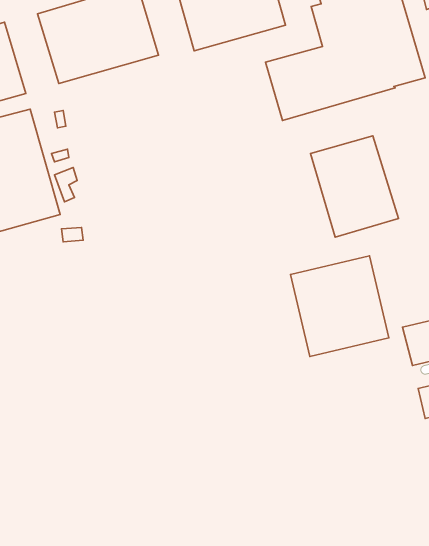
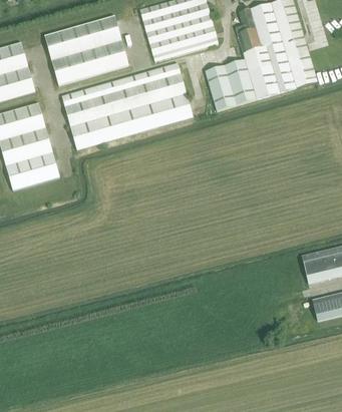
building: none -> [61,62,193,150]
building: [311,136,399,237] -> none
building: [291,256,389,356] -> none

